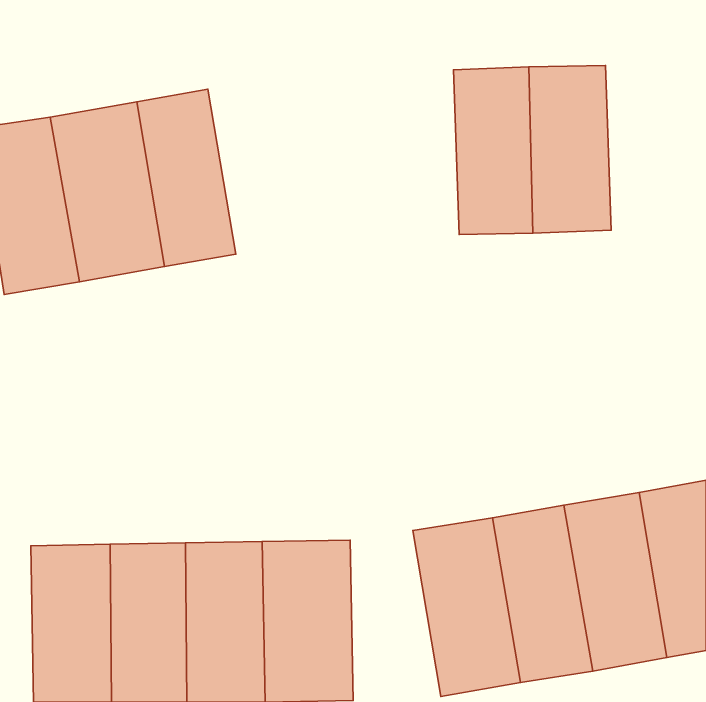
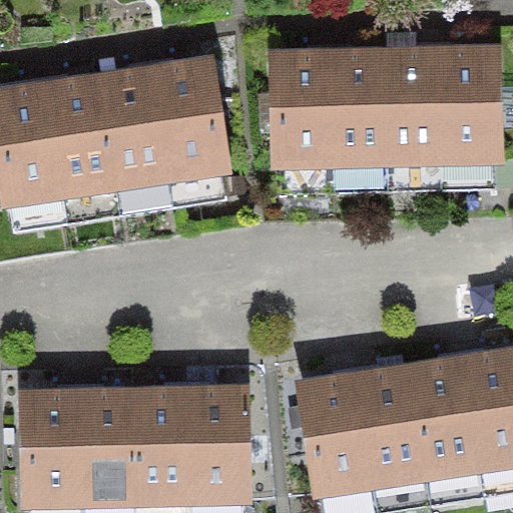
building: none -> [435,45,503,165]
building: none -> [268,50,330,170]
building: none -> [149,54,230,182]

